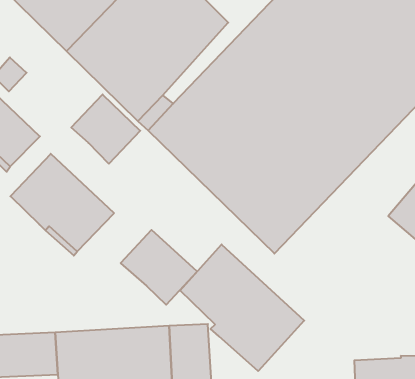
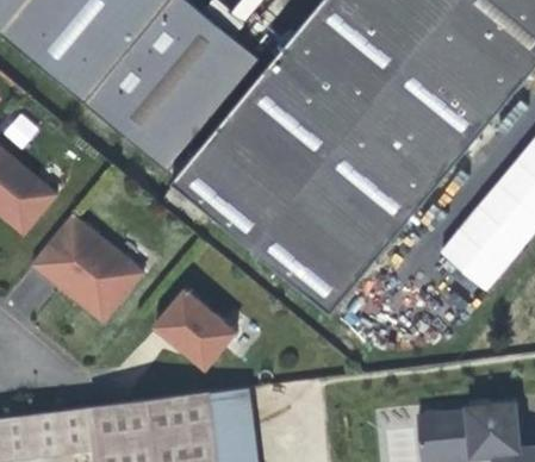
building: [71,94,140,164] -> none
building: [180,244,304,371] -> none

